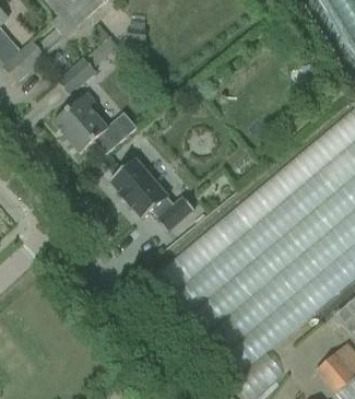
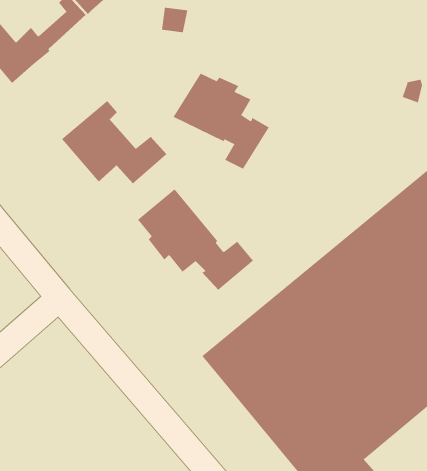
building: [57,57,95,93] -> none
building: none -> [173,73,270,170]

